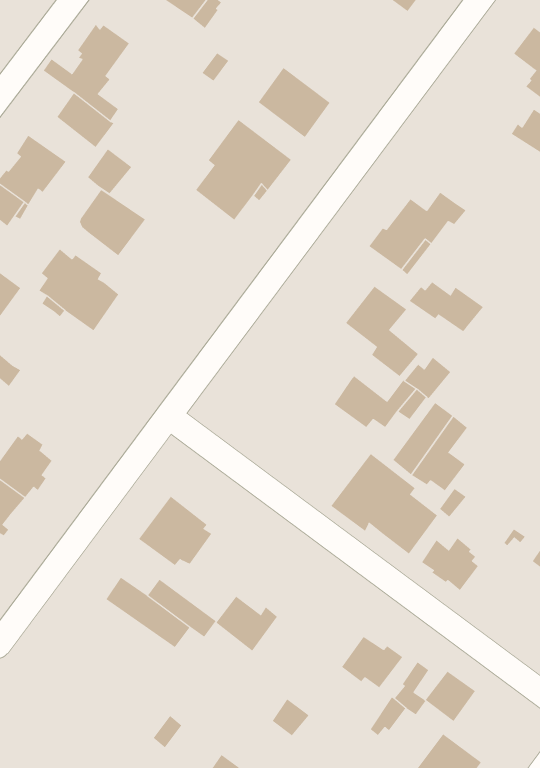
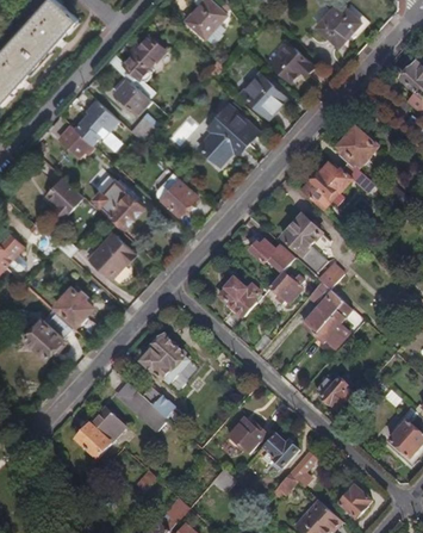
building: none -> [276,47,319,85]
building: none -> [337,128,378,168]
building: [79,189,146,256] -> [156,173,198,216]
building: [409,281,484,332] -> [250,238,297,272]
building: none -> [88,233,136,278]
building: none -> [220,278,263,316]
building: [331,453,438,555] -> none
building: [216,596,278,652] -> [234,411,273,447]
building: none -> [75,407,125,457]
building: [425,671,476,722] -> [341,485,373,517]

